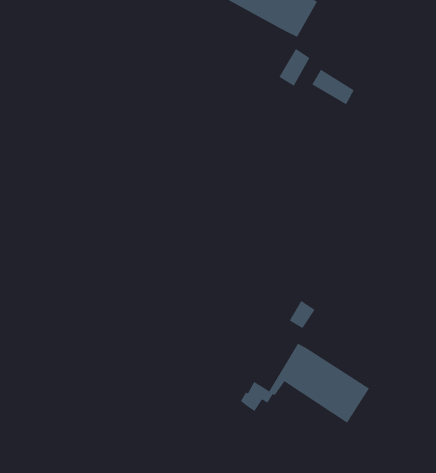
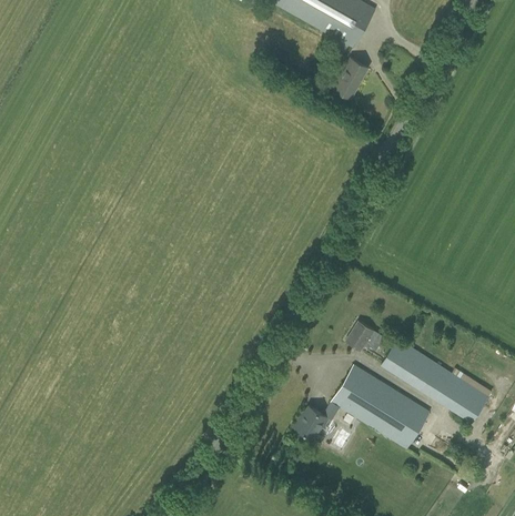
building: [312,69,354,105] -> none
building: none -> [381,338,491,423]

